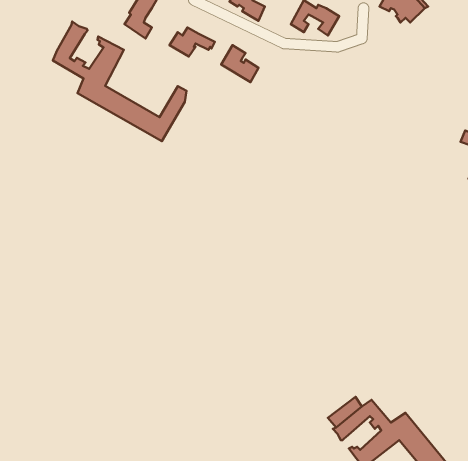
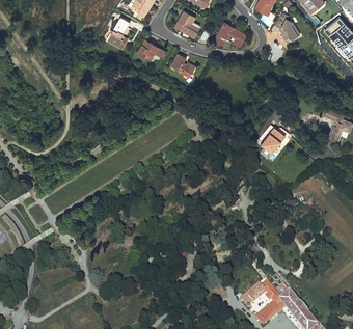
building: [53,21,186,141] -> none
building: none -> [260,126,286,158]

